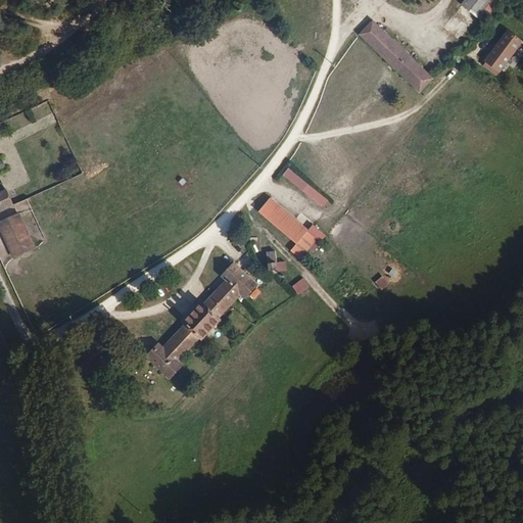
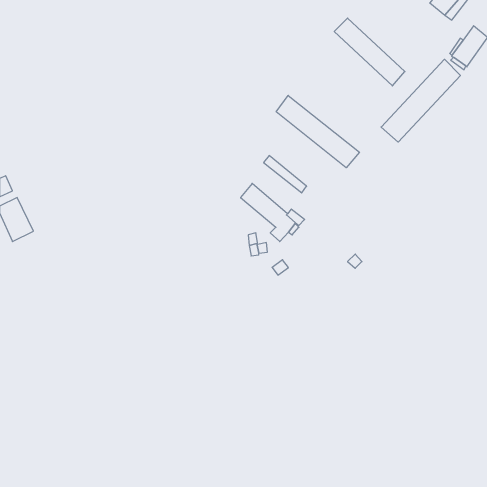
building: none -> [381,59,460,142]
building: none -> [276,95,359,168]
building: [144,262,257,379] -> none

